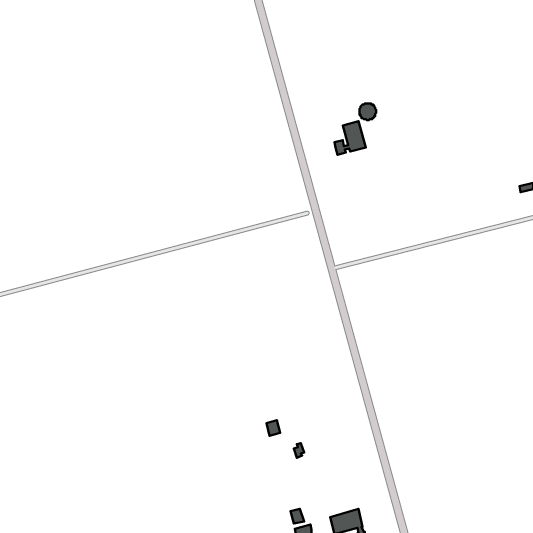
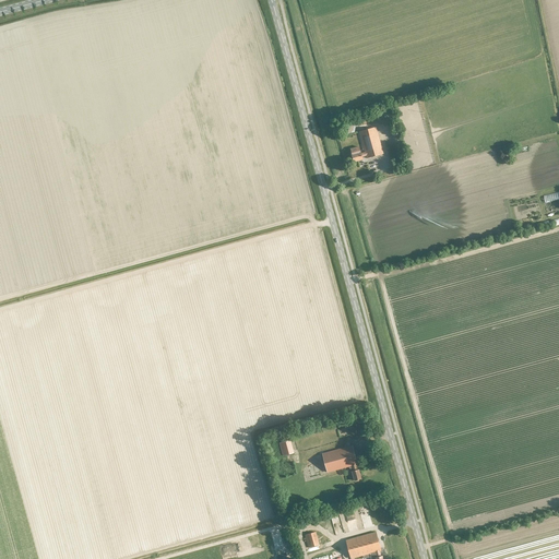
building: none -> [321,447,360,481]

